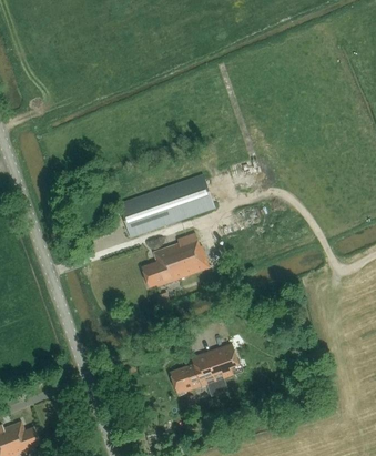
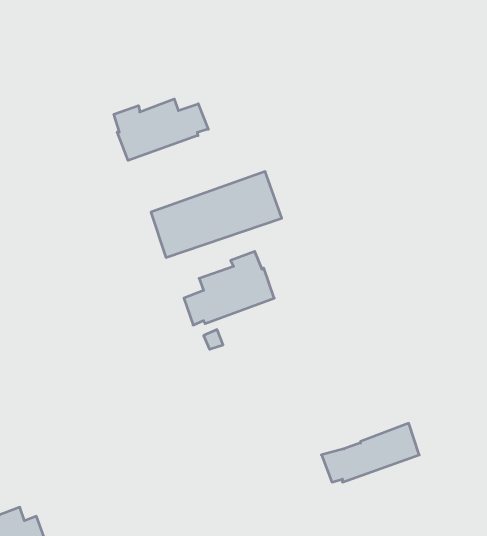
building: none -> [114,99,208,160]
building: [170,347,242,391] -> [321,423,419,482]

